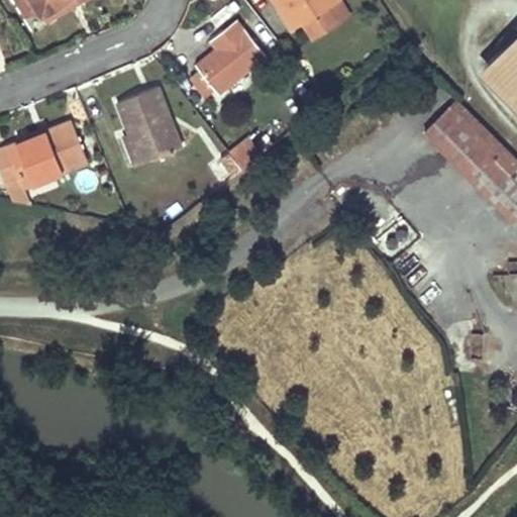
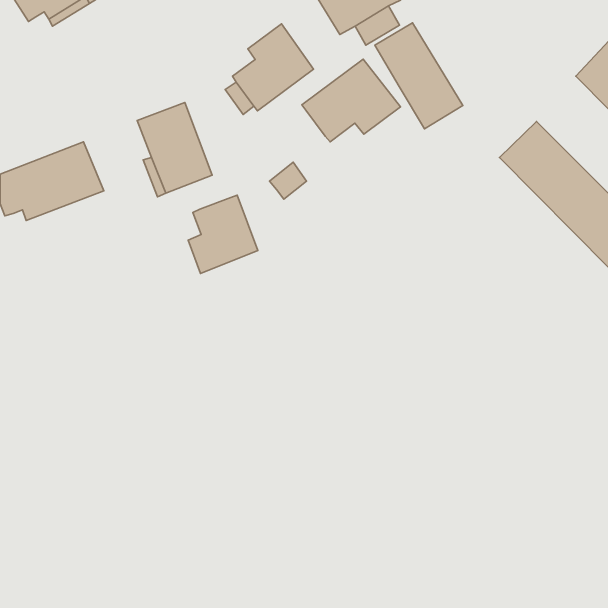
building: none -> [375,23,463,129]
building: none -> [302,59,401,142]
building: none -> [188,195,258,273]

